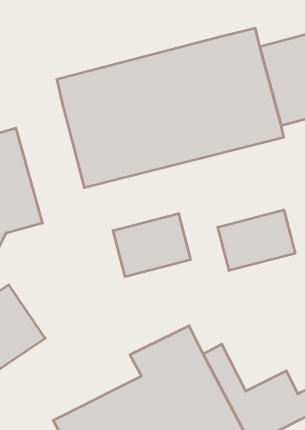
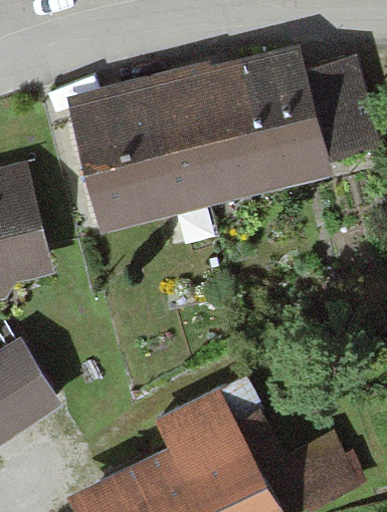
building: [218,210,295,271] -> none
building: [113,213,190,277] -> none

